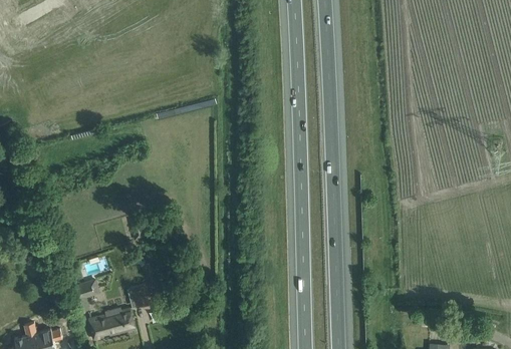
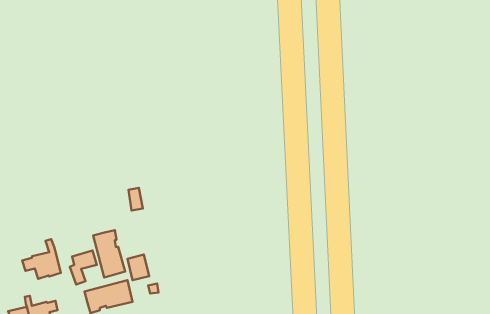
building: none -> [93,230,125,277]
building: none -> [22,239,61,279]

